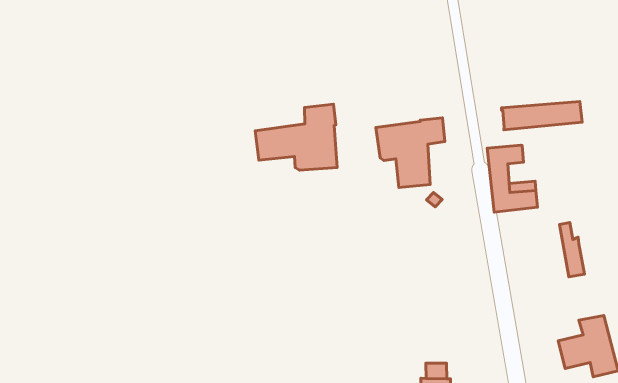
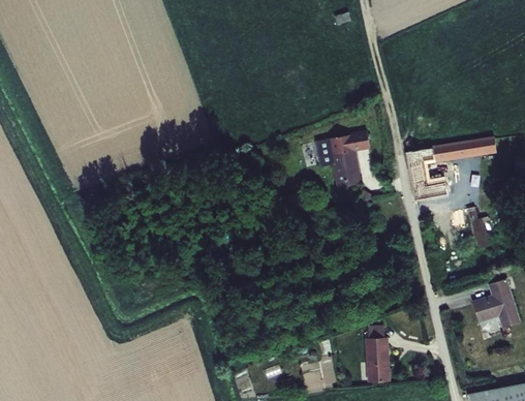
building: [501,101,582,130] -> [432,136,497,163]
building: [255,104,337,170] -> none

